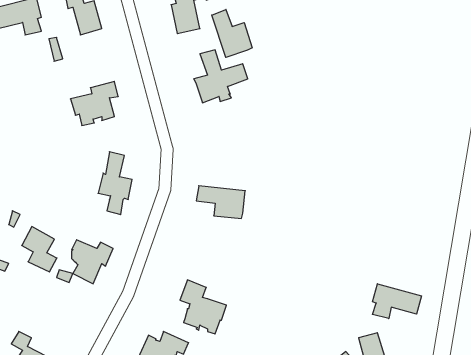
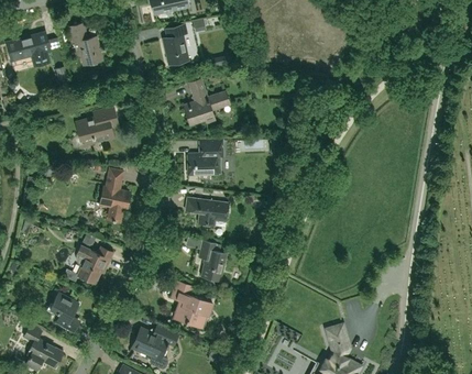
building: [212,9,252,57] -> none
building: none -> [187,141,223,175]
building: [22,227,57,272] -> [50,293,80,332]
building: none -> [198,241,226,280]
building: [372,284,421,319] -> none

